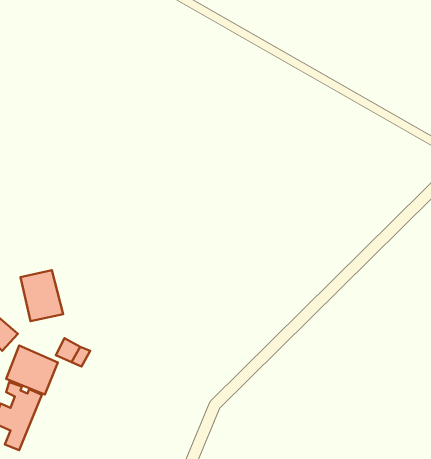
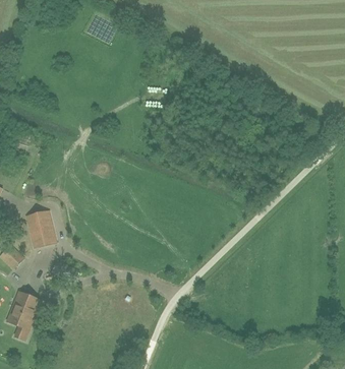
building: [6,346,58,394] -> none

